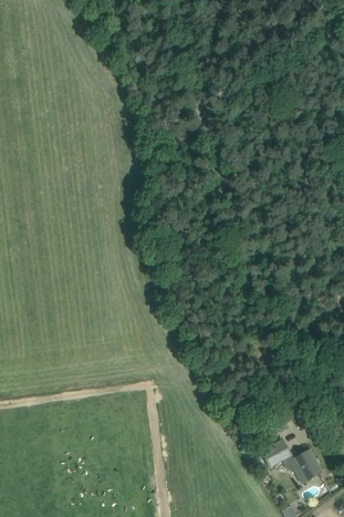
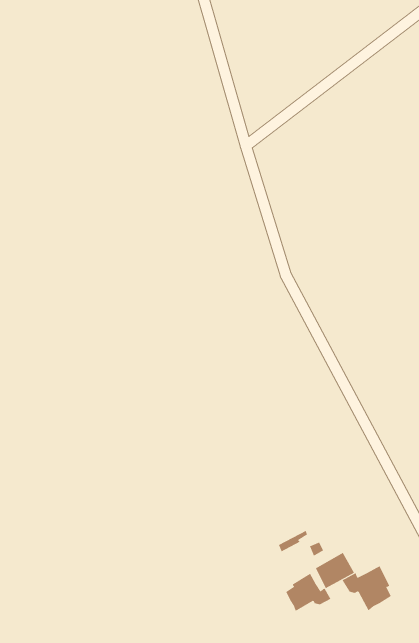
building: none -> [285,573,331,612]

